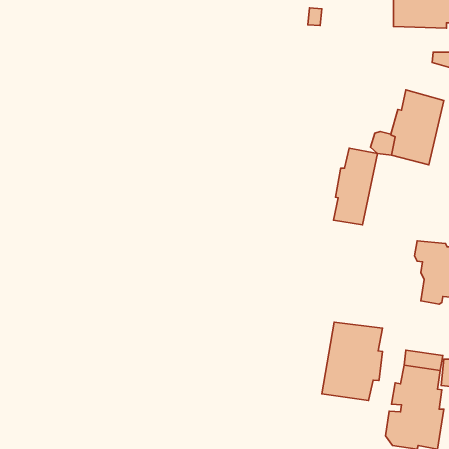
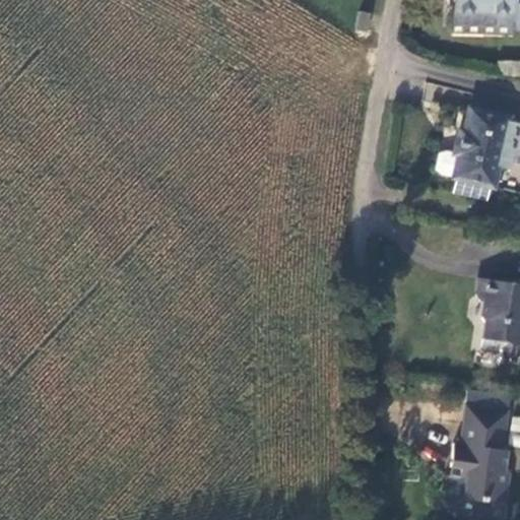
building: [333,148,378,225] -> none
building: [322,322,383,401] -> none

